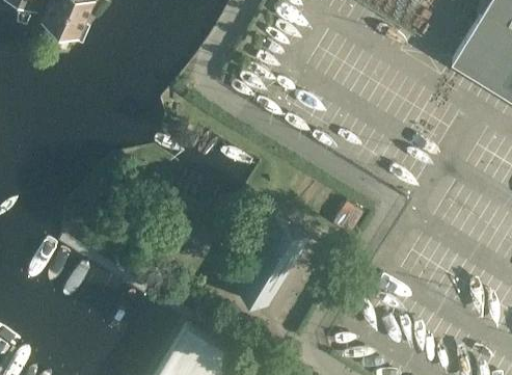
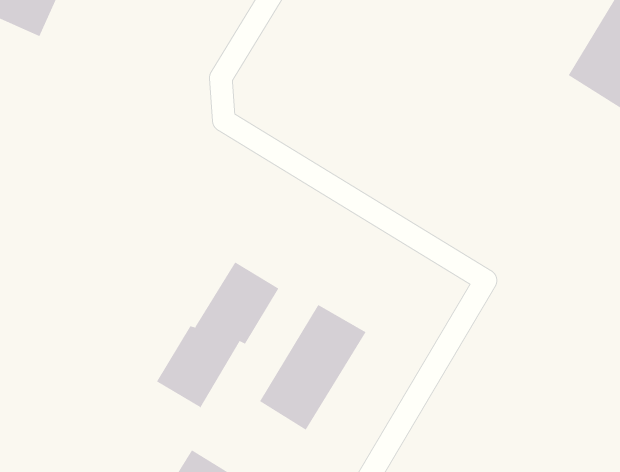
building: none -> [156,261,279,409]

